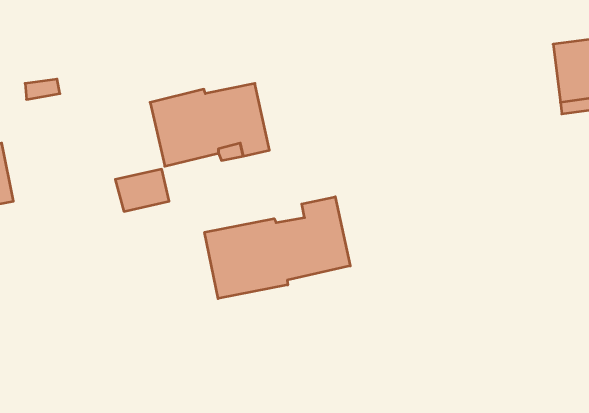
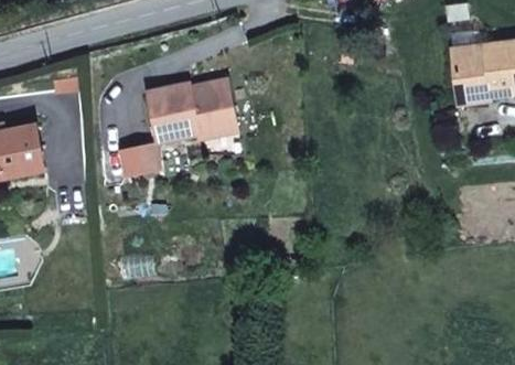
building: [205,197,350,299] -> none

